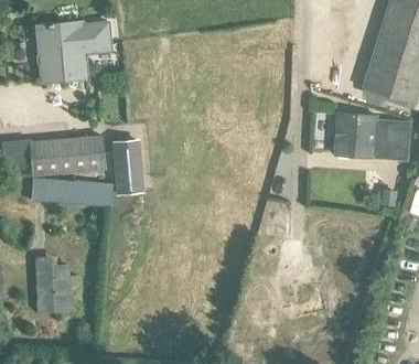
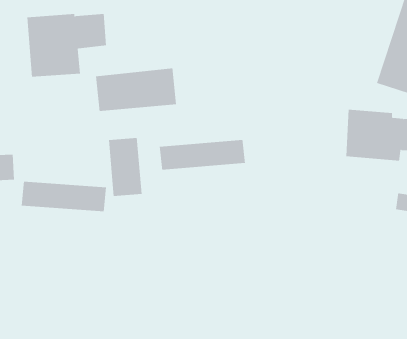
building: [30,135,106,175] -> [95,68,177,111]
building: none -> [159,139,246,170]
building: [35,256,78,313] -> none

